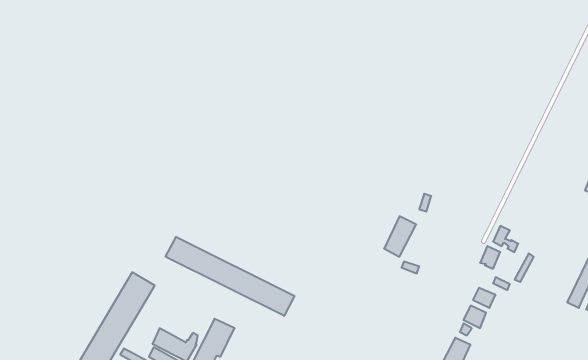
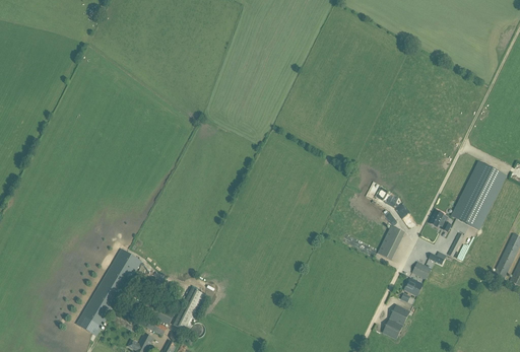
building: none -> [451,161,505,228]
building: [384,216,416,257] -> [377,225,404,260]
building: [166,237,295,316] -> none

